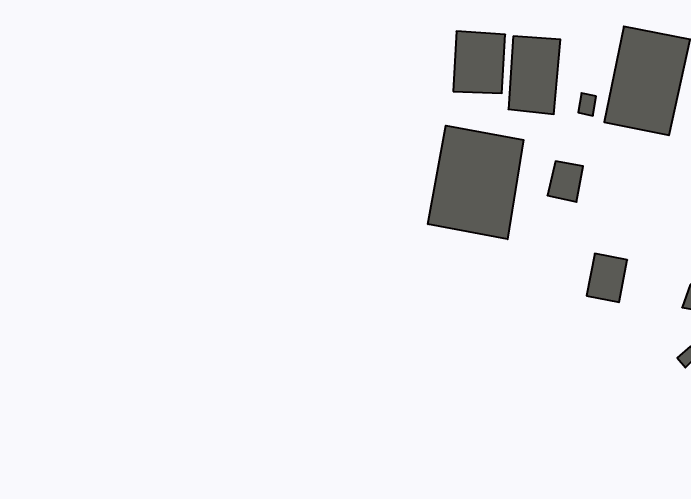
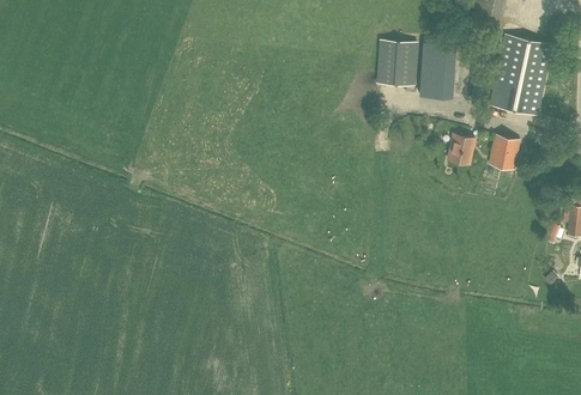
building: [428,126,524,239] -> none
building: [587,254,627,302] -> [489,135,519,171]

